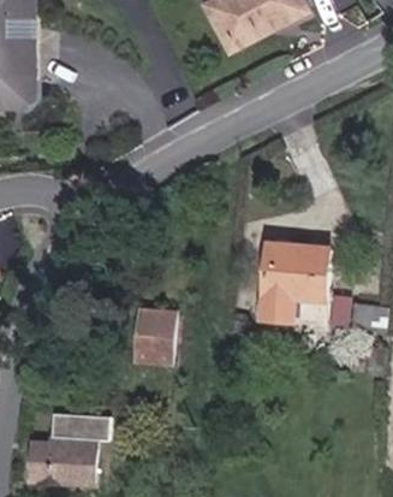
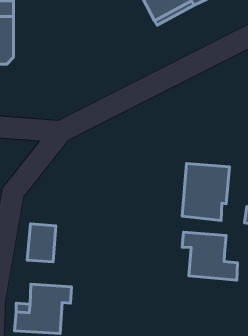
building: [136,310,175,363] -> [27,224,56,262]
building: none -> [182,232,238,280]

